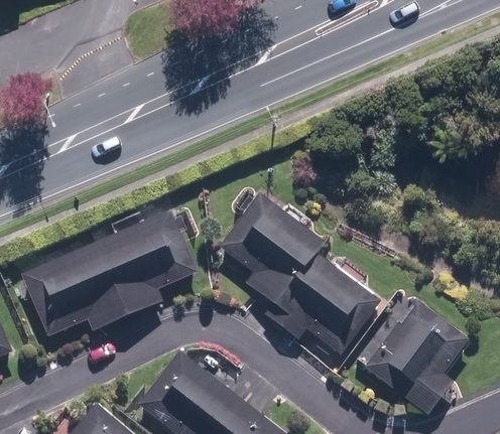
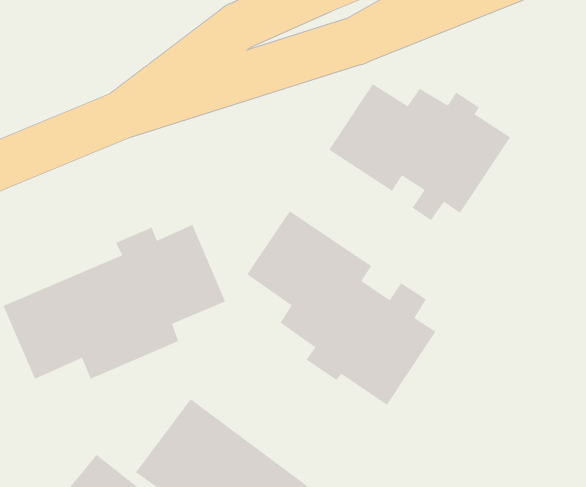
building: none -> [328,83,511,221]
building: [363,298,471,418] -> none

